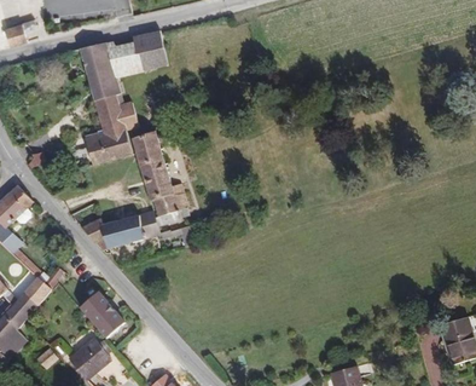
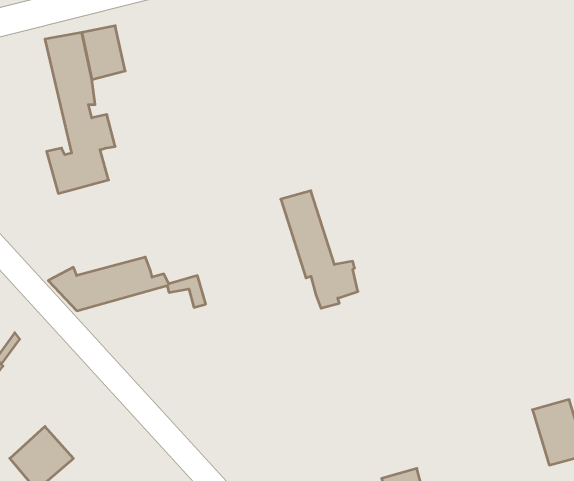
building: [132,38,164,75] -> none
building: [128,134,184,219] -> [281,191,358,308]
building: [80,292,124,339] -> none

